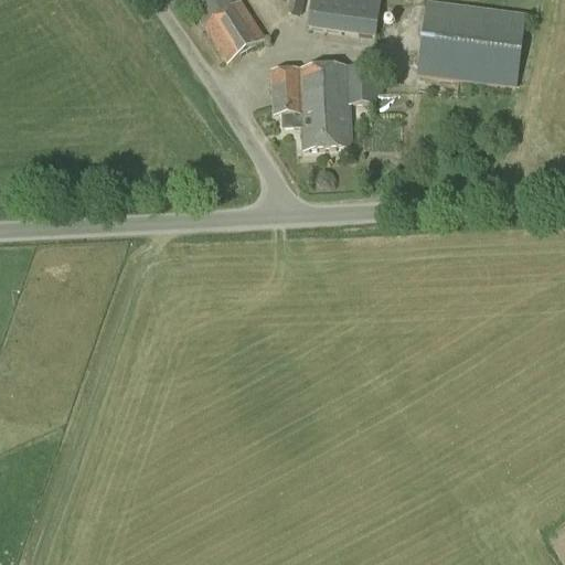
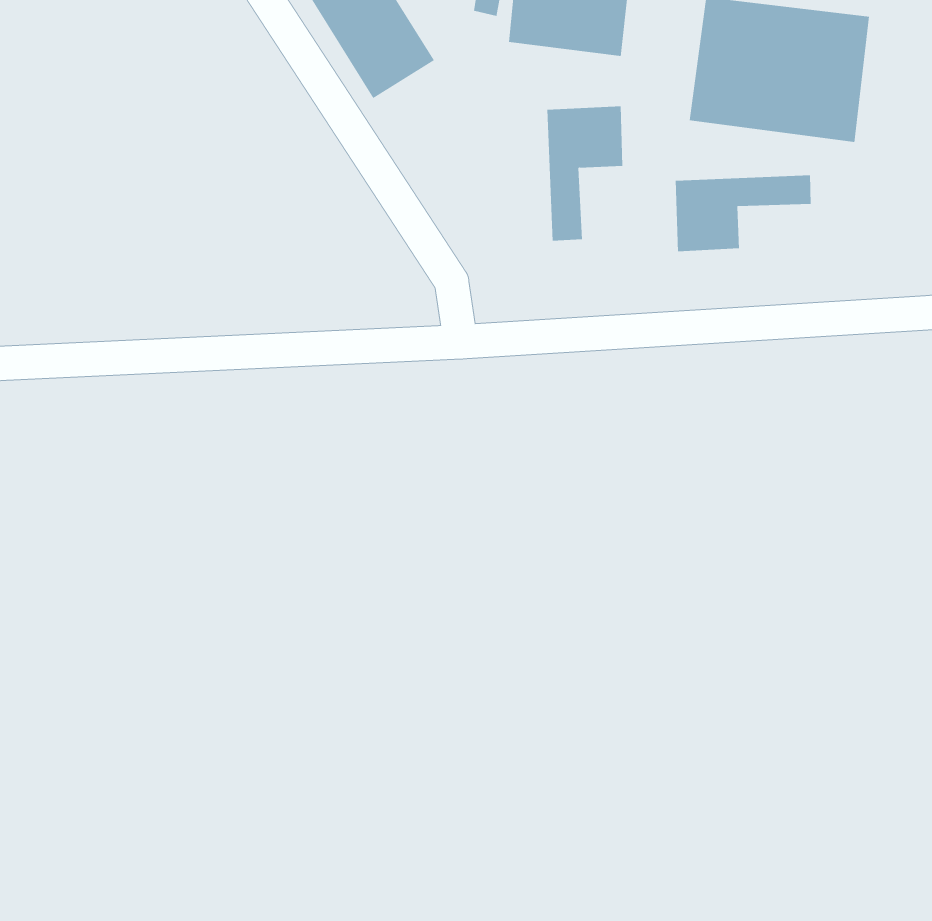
building: [271,66,333,147] -> none
building: none -> [675,174,811,252]

